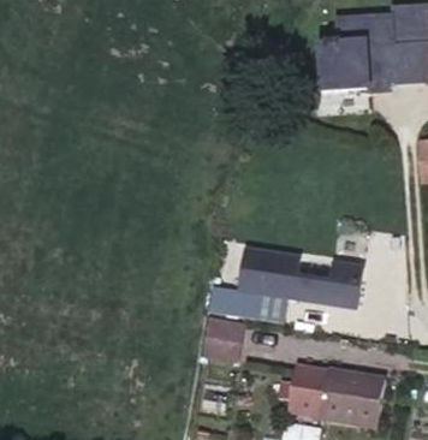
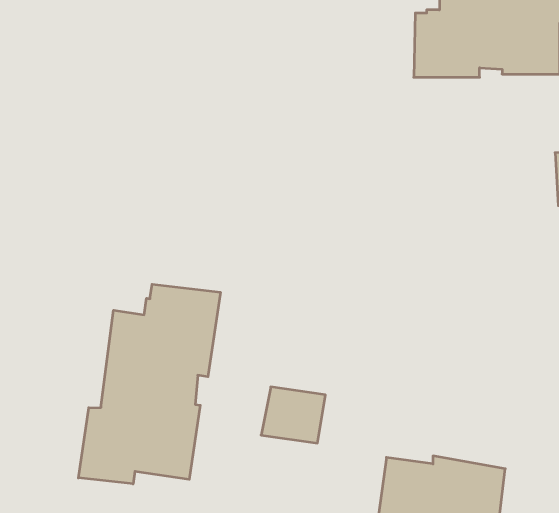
building: none -> [78,284,220,484]
building: [221,245,350,311] -> none

